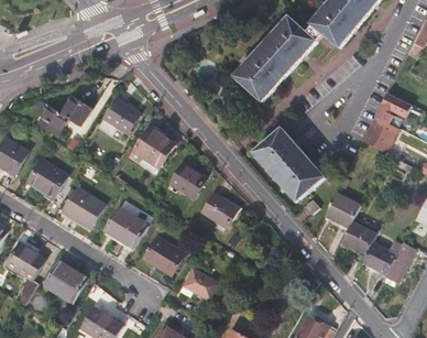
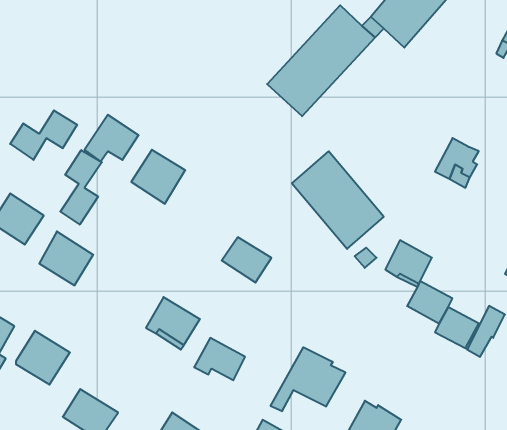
building: [375,91,410,123] -> none
building: none -> [60,150,102,225]
building: [172,161,207,195] -> none
building: [103,207,146,250] -> none
building: none -> [271,347,345,411]

